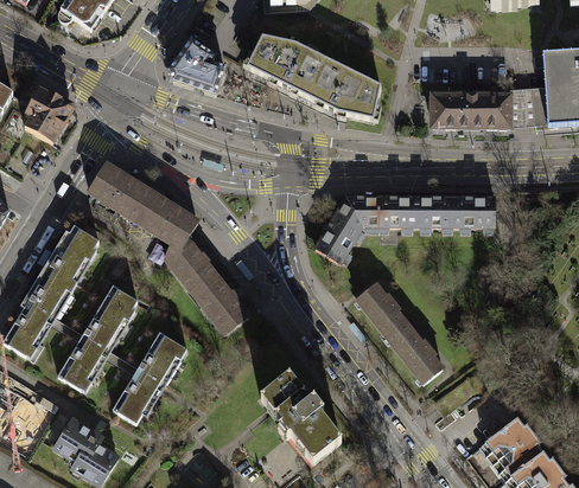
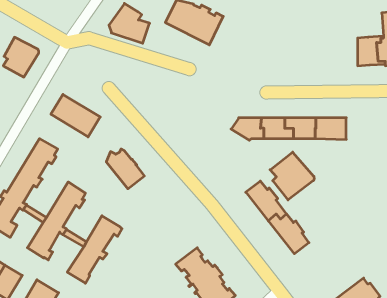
building: [307,58,382,120] -> none
building: [433,94,510,126] -> none
building: [141,195,198,246] -> none
building: [316,212,362,262] -> none
building: none -> [270,152,314,200]
building: [196,276,249,332] -> none

